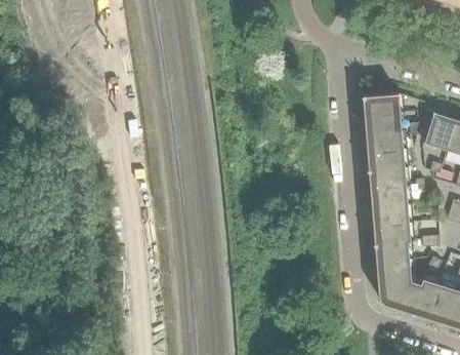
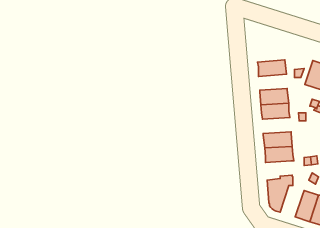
building: [364,91,400,113] -> none
building: [366,128,403,149] -> none
building: [371,184,408,204] -> none
building: [375,239,409,264] -> none
building: [393,271,422,311] -> none

